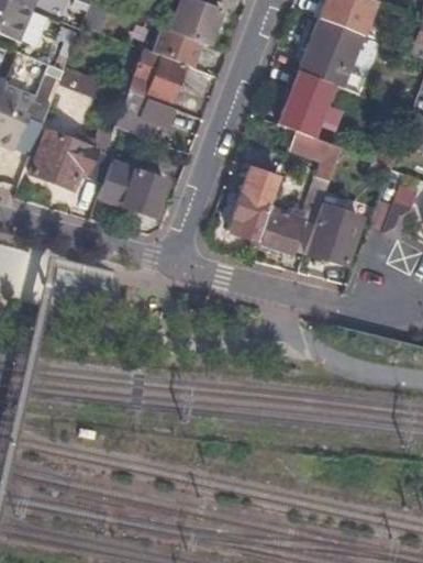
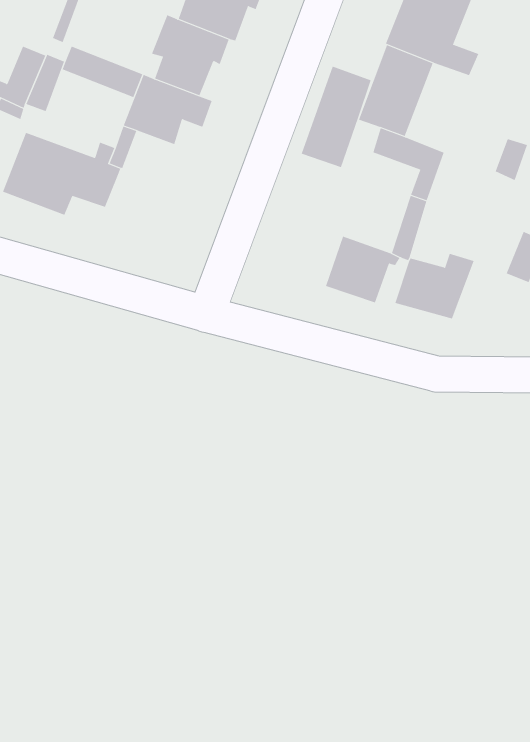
building: [99,162,167,216] -> none
building: [229,167,278,239] -> [301,66,371,168]

